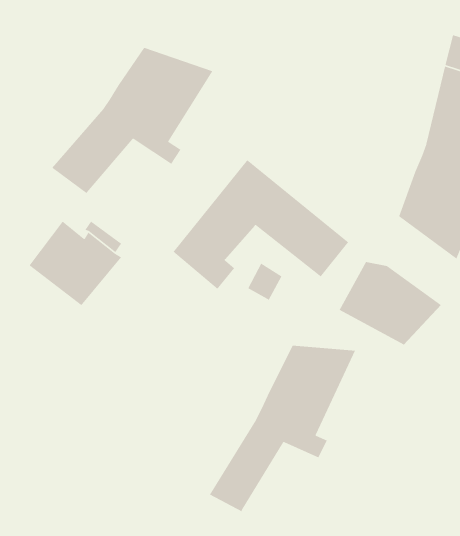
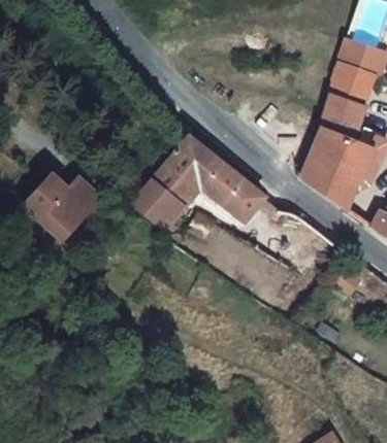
building: [51,47,214,195] -> none
building: [209,345,356,512] -> none

